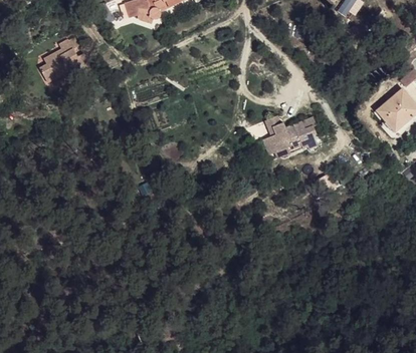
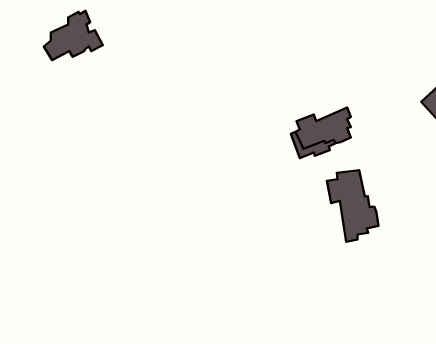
building: none -> [327,170,378,242]

